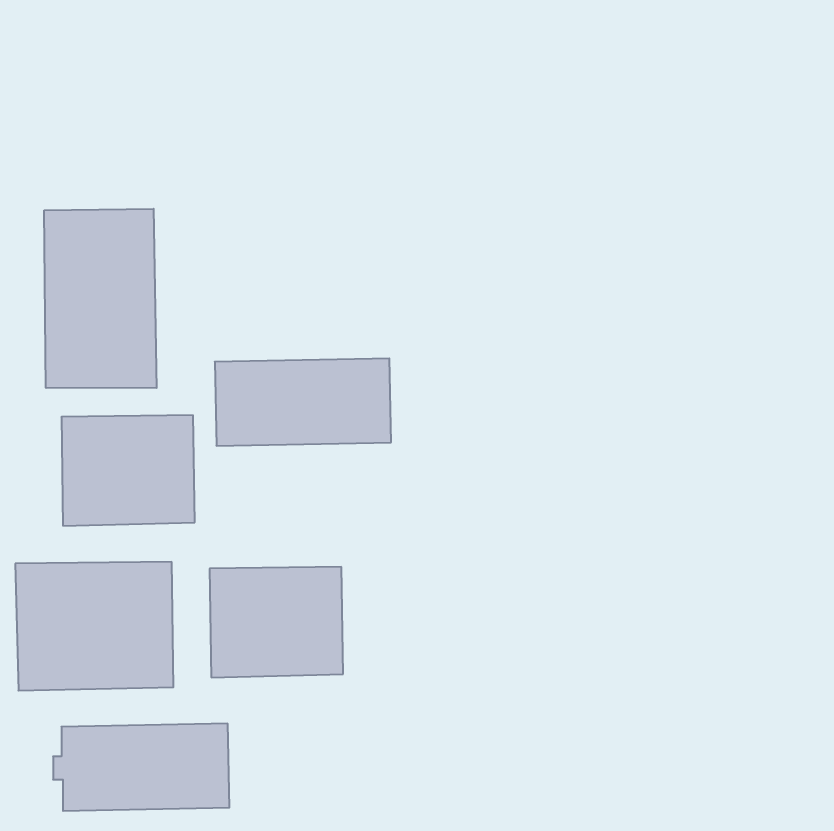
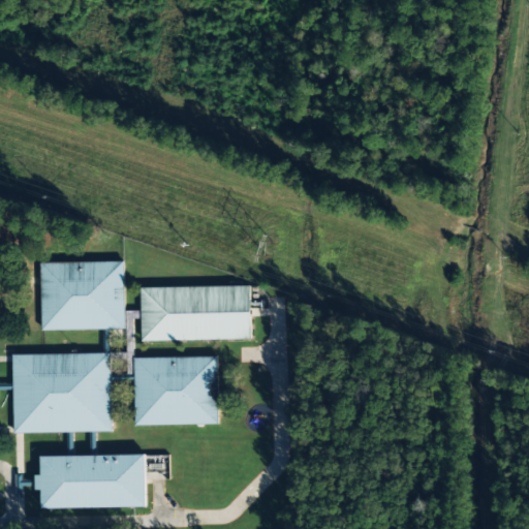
building: [44,209,157,388] -> none
building: [215,358,391,446] -> [139,285,250,340]

